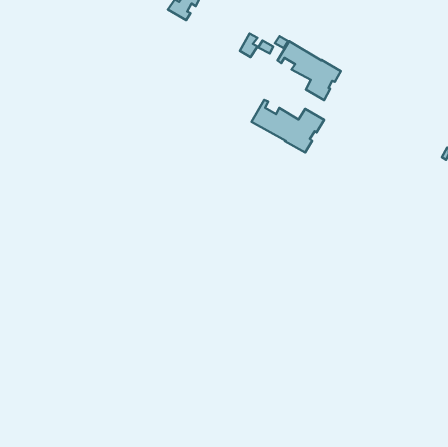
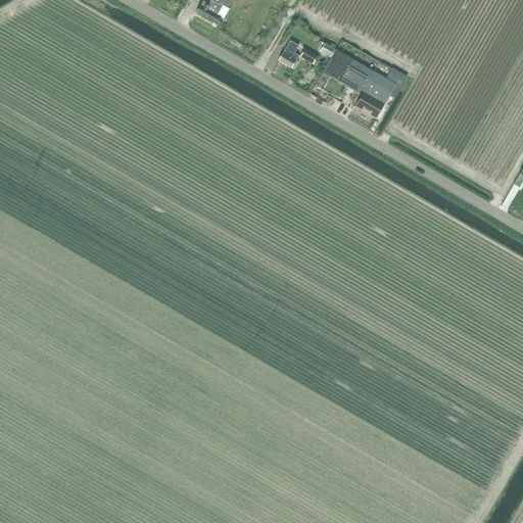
building: [252,100,324,153] -> none

